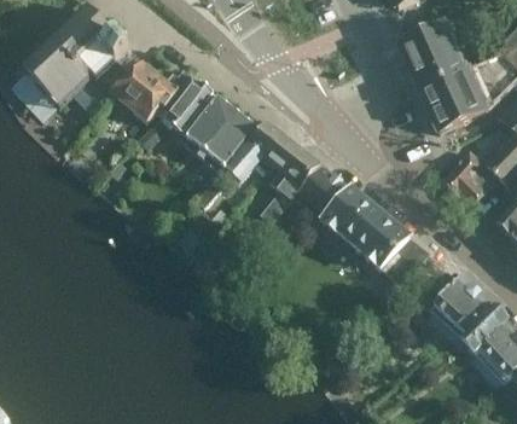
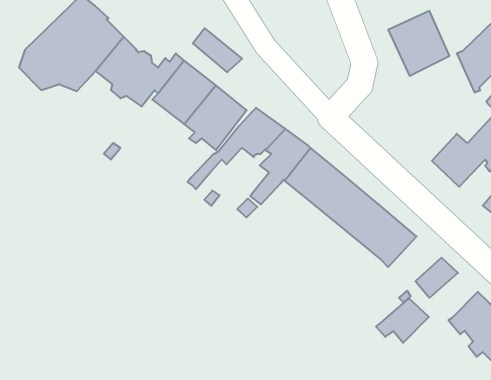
building: none -> [193,28,242,72]
building: [423,69,489,132] -> none
building: [438,294,493,339] -> [376,298,429,343]

